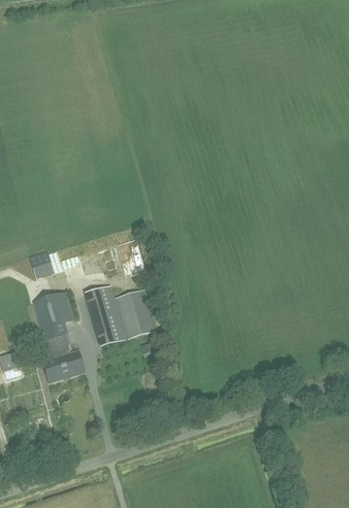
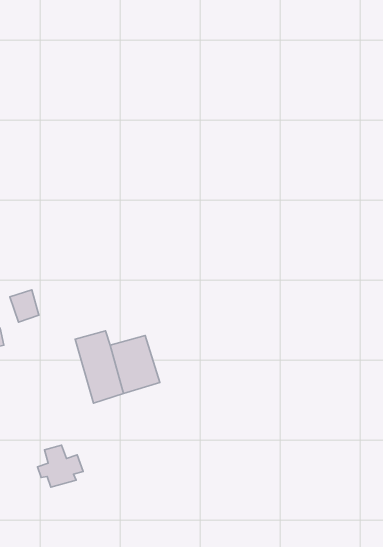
building: [34,292,73,341] -> none
building: [43,343,83,379] -> [37,445,83,487]

